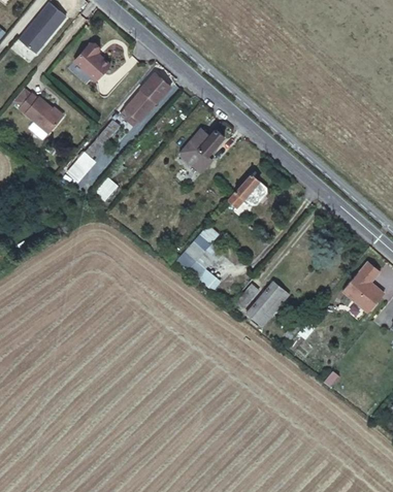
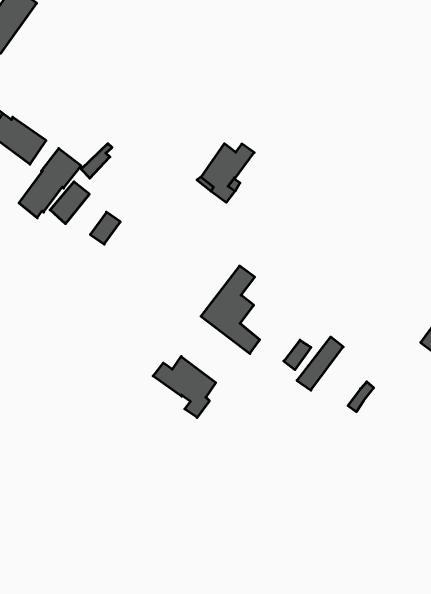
building: [73,42,110,79] -> none
building: [121,73,170,126] -> [19,148,81,218]
building: [230,174,267,206] -> none
building: none -> [153,356,216,418]

